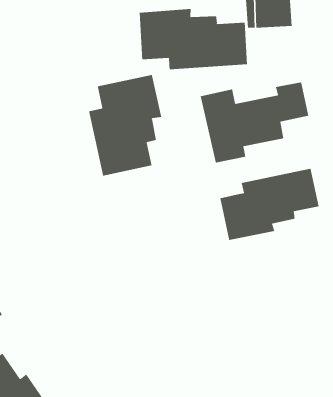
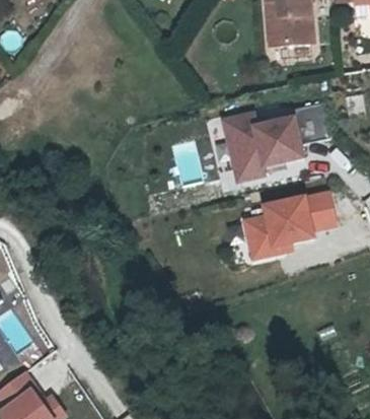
building: [139,8,248,70] -> none
building: [88,74,162,176] -> none

